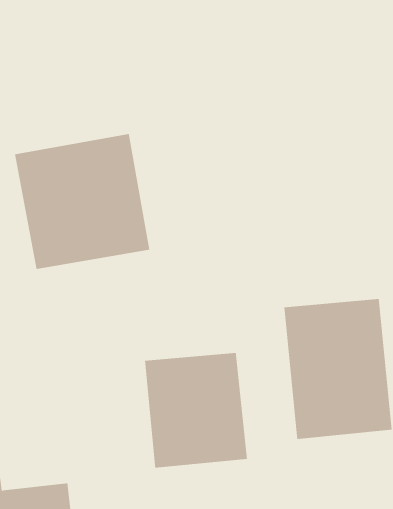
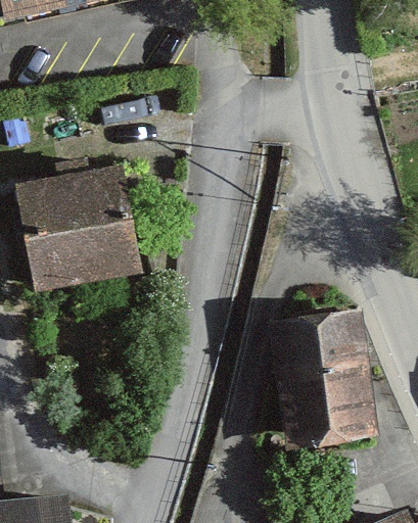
building: [144,352,247,469] -> none

